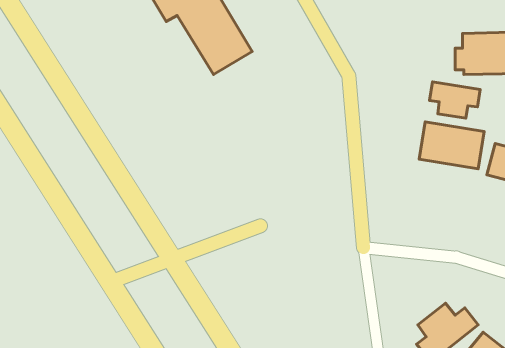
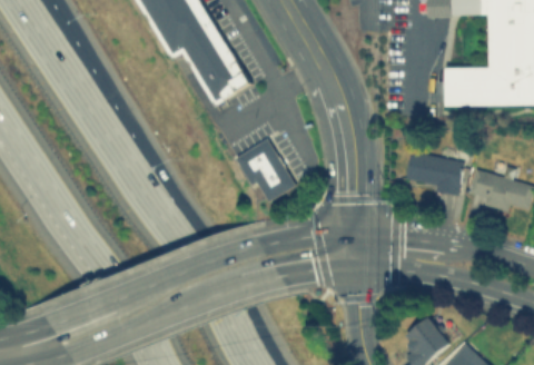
building: [430,82,480,118] -> none
building: none -> [236,139,296,201]

